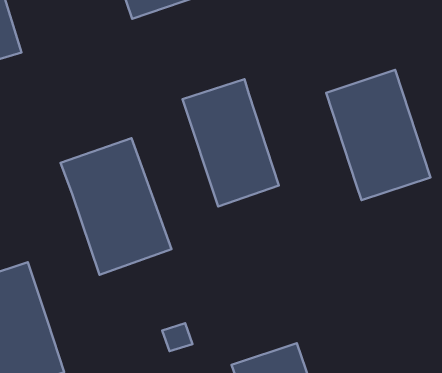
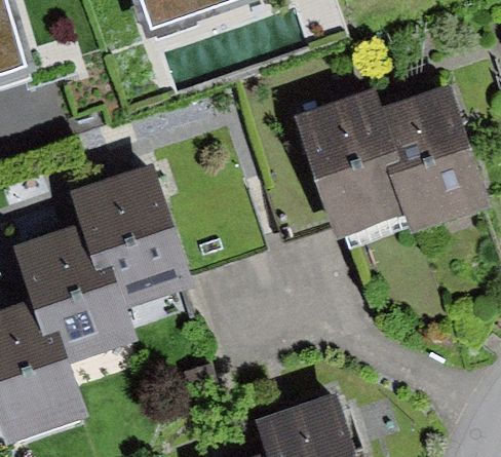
building: [183,79,279,207] -> [295,92,403,236]
building: none -> [13,223,124,368]

